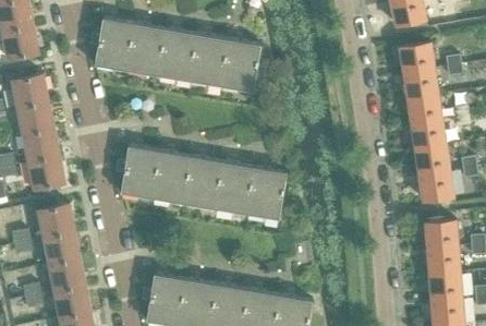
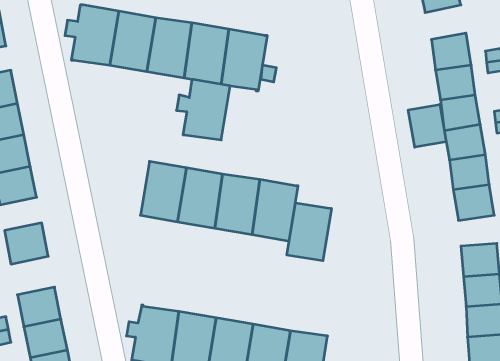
building: none -> [408,104,446,147]
building: [114,146,160,197] -> [176,80,230,140]
building: none -> [287,203,331,261]
building: [42,232,80,265] -> none

